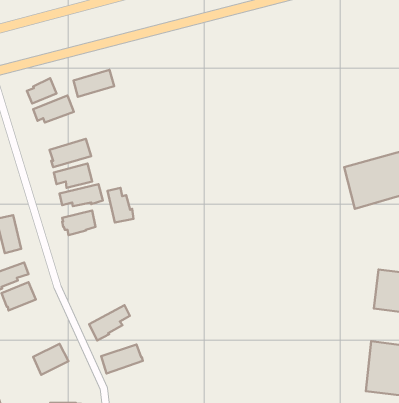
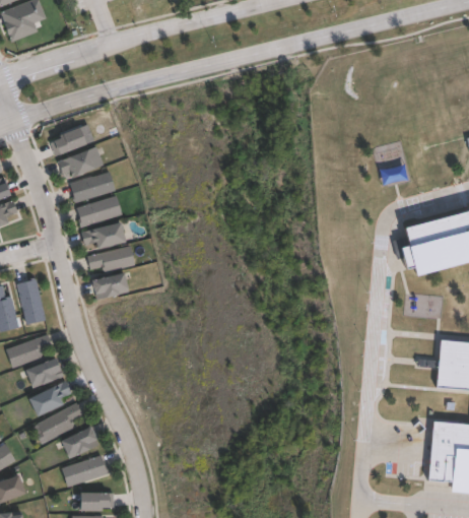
building: [73,70,114,97] -> [70,173,116,203]
building: [108,188,133,223] -> none
building: none -> [25,381,70,415]
building: [89,305,130,340] -> [37,402,82,442]
building: [101,345,143,374] -> [61,455,108,488]

